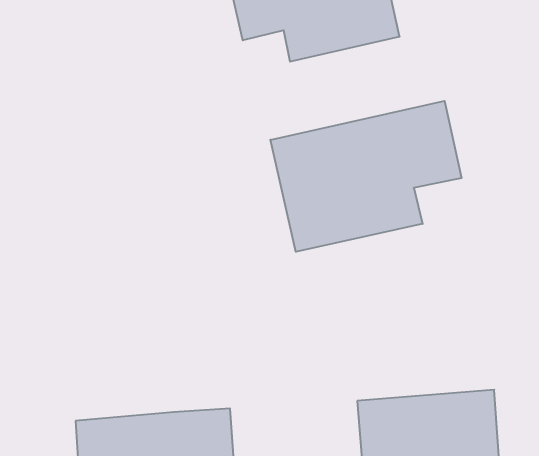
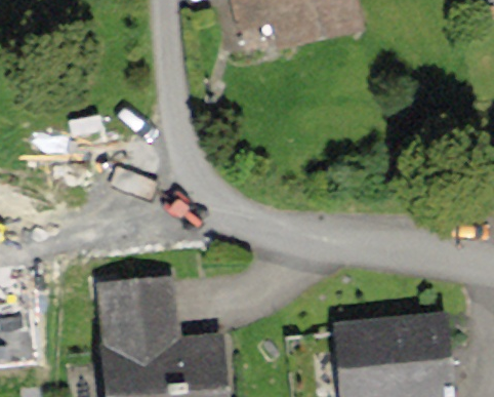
building: [270,101,462,252] -> none
building: none -> [94,279,181,347]

